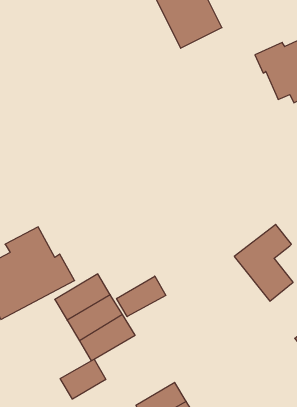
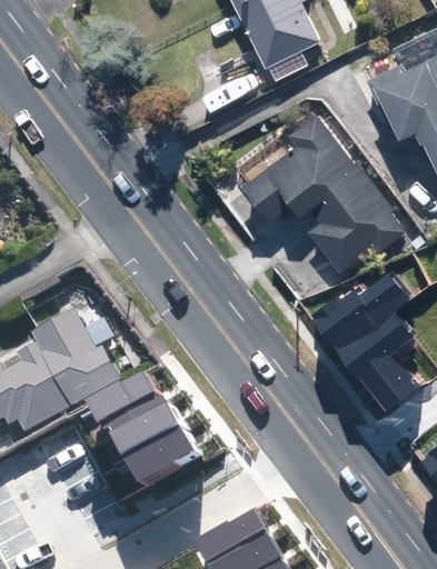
building: none -> [239,114,405,271]
building: none -> [312,270,409,351]
building: [117,276,166,317] -> none
building: [60,359,106,399] -> none

